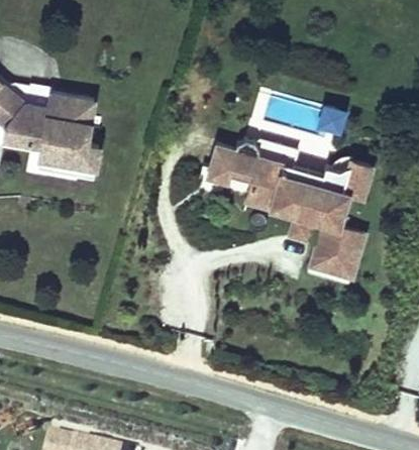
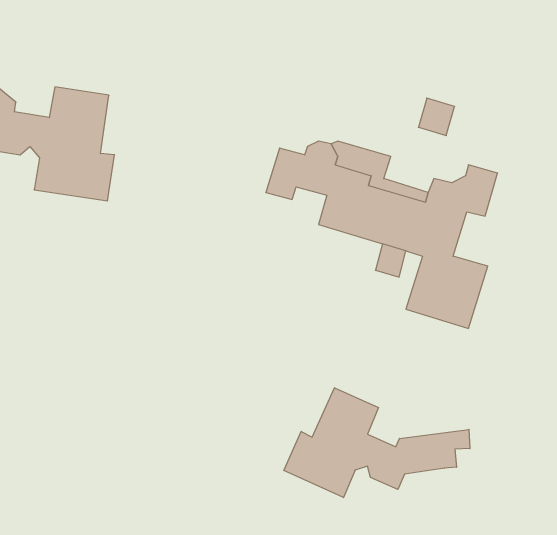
building: none -> [284,388,470,498]

